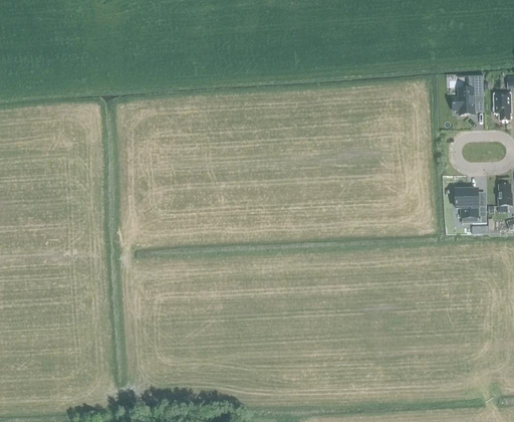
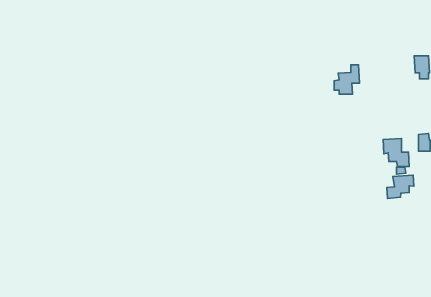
building: [453,78,483,114] -> [334,65,359,94]
building: none -> [387,175,414,198]

